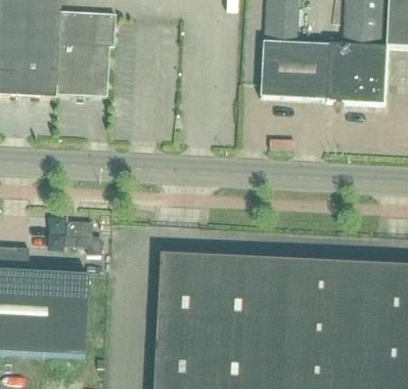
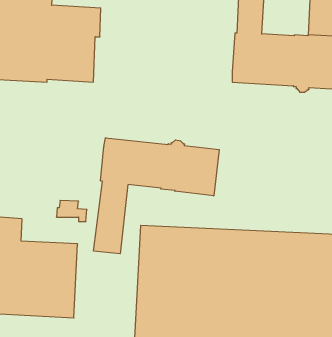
building: none -> [94,138,219,254]

